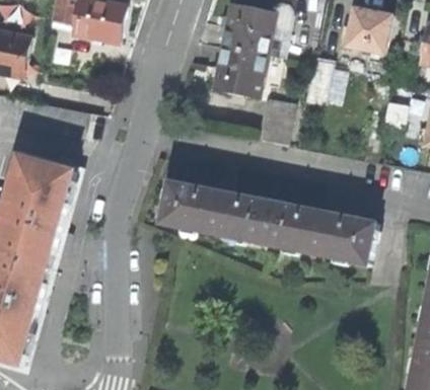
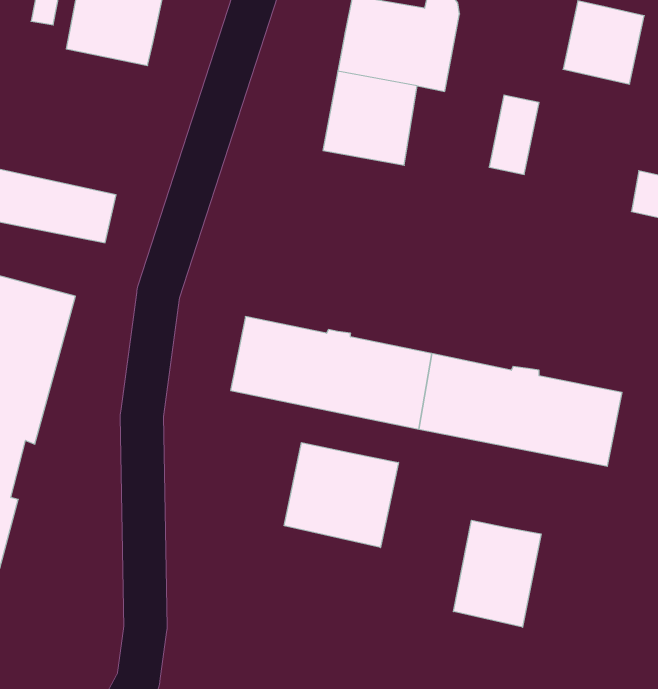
building: [258,103,292,143] -> none
building: none -> [284,443,398,548]
building: none -> [453,520,541,627]

